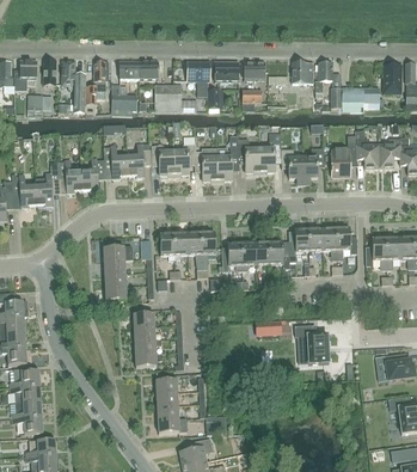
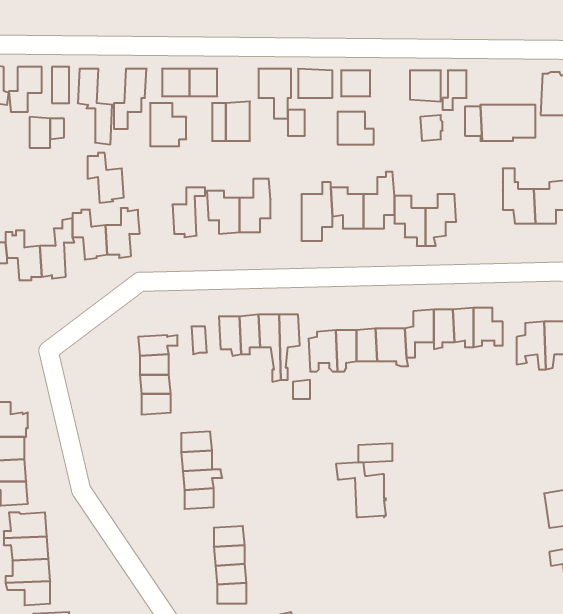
building: [103,145,128,179] -> [88,153,124,203]
building: [331,146,356,177] -> none
building: [195,148,216,180] -> none
building: [294,325,329,363] -> [336,462,386,517]

